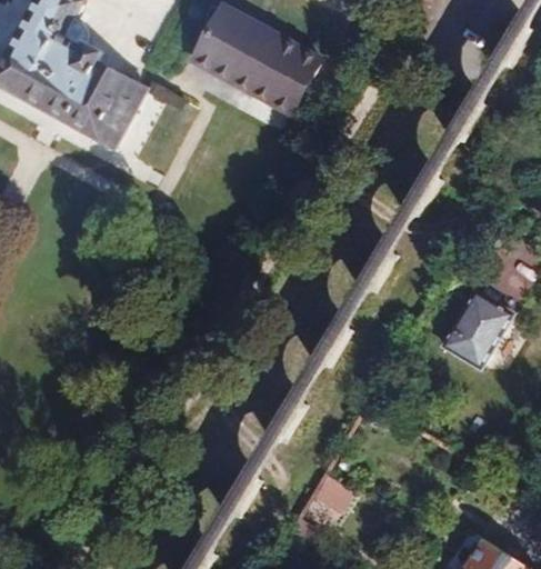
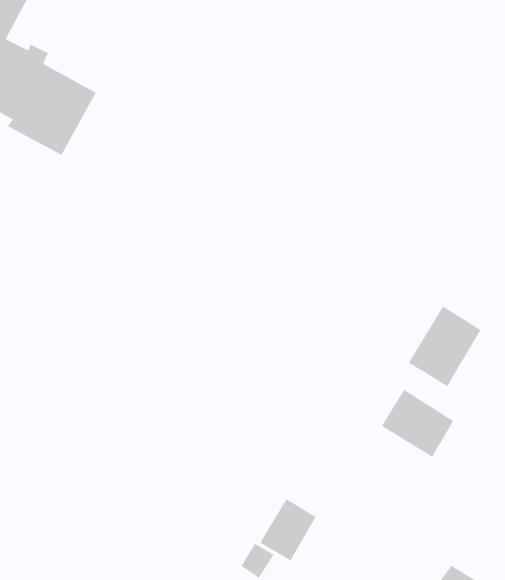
building: [192,9,320,116] -> none
building: none -> [381,389,454,458]

